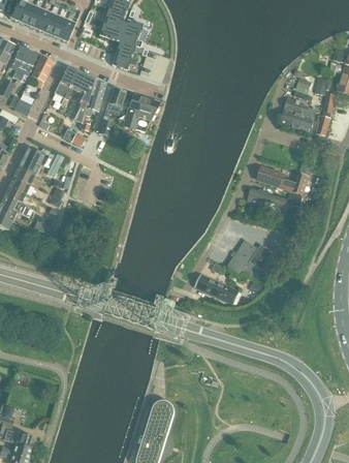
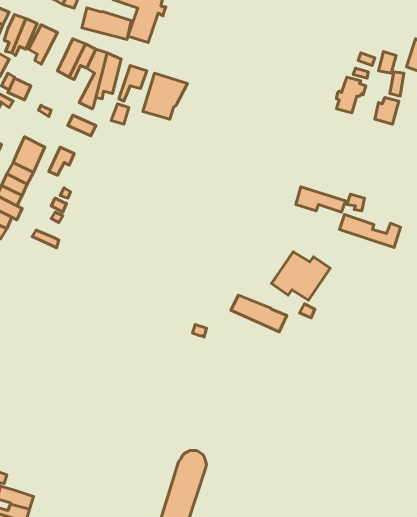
building: none -> [82,8,131,39]
building: [292,104,319,131] -> none
building: [257,166,307,193] -> [340,214,401,247]

